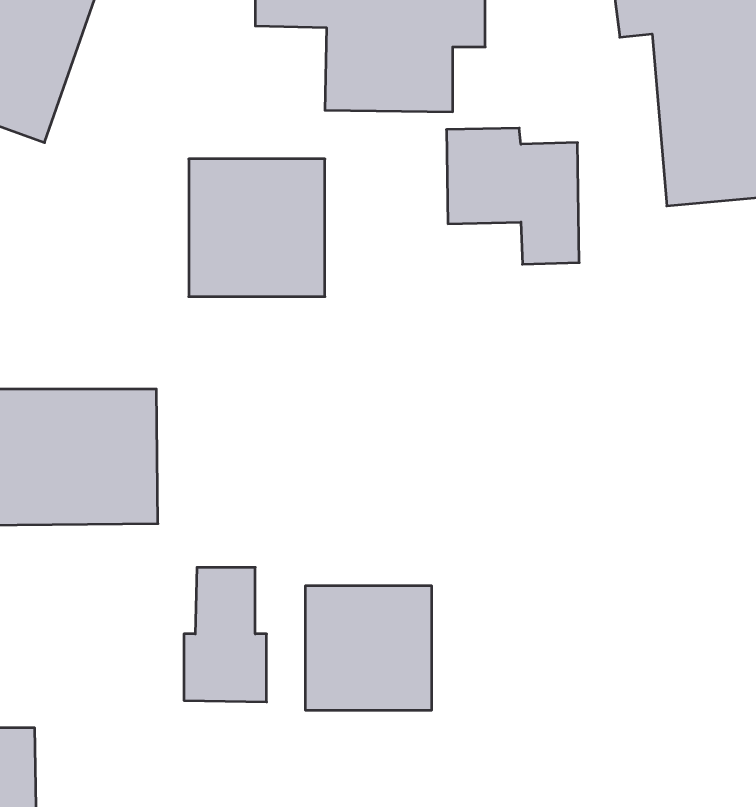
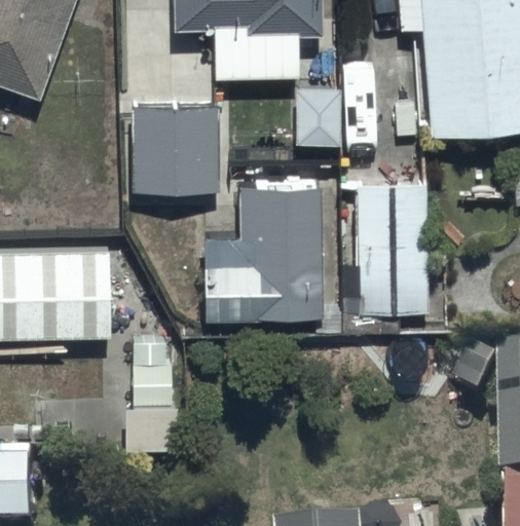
building: none -> [205,185,321,318]
building: none -> [354,186,430,315]
building: [306,586,431,710] -> none

